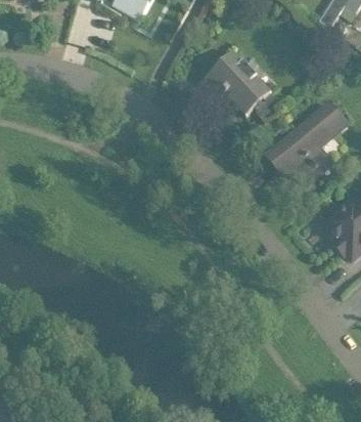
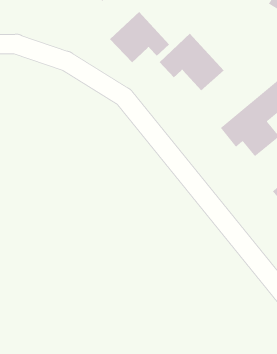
building: none -> [109,11,170,63]

